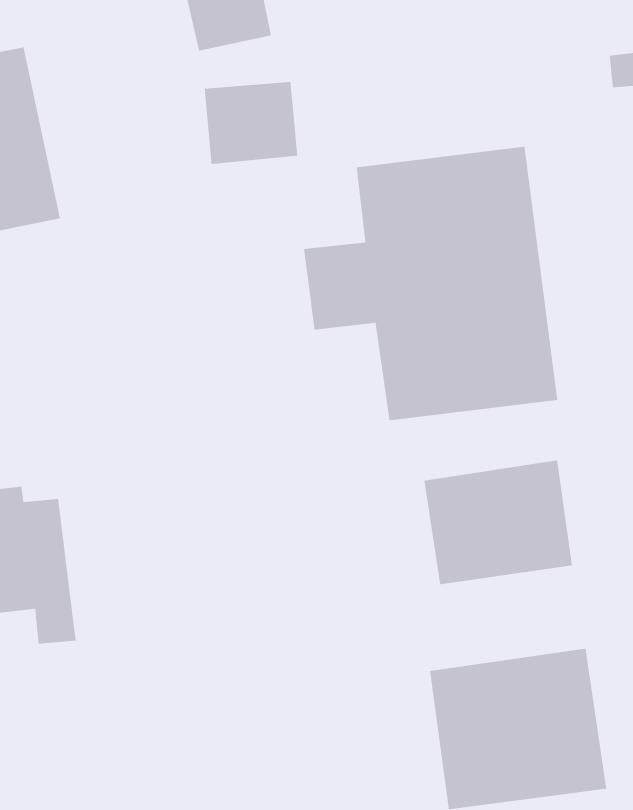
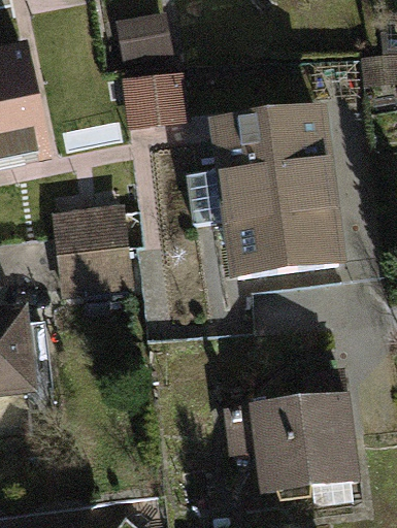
building: none -> [57,208,132,299]
building: [424,459,573,585] -> none

